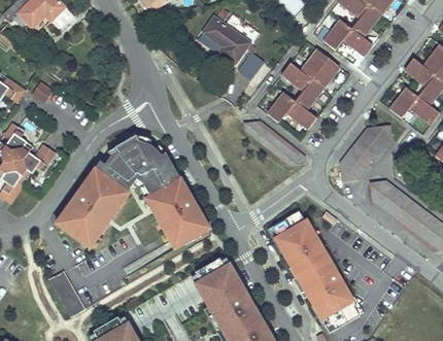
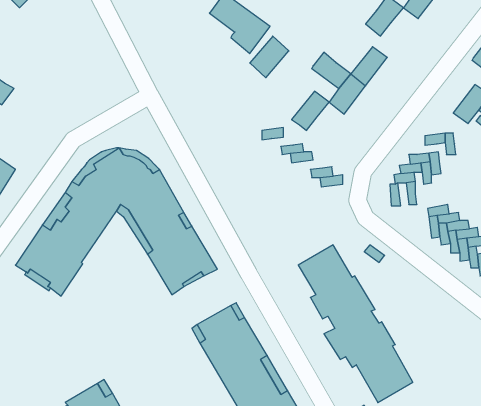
building: [342,29,372,57] -> none
building: [300,49,328,79] -> none
building: [285,101,316,129] -> none
building: [47,271,83,316] -> none

